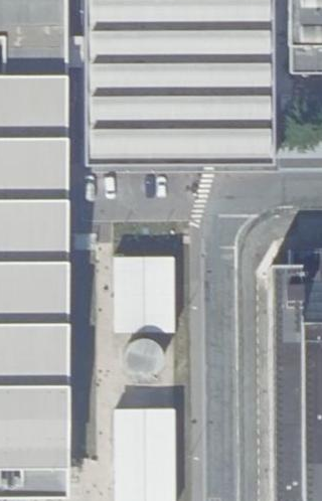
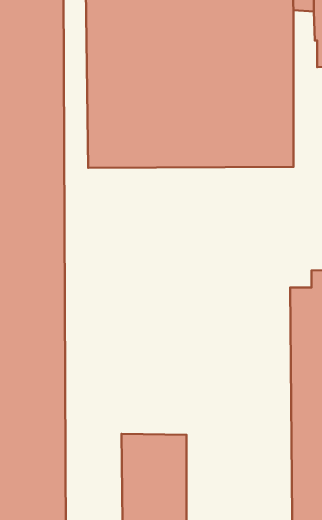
building: [116,248,174,327] -> none

